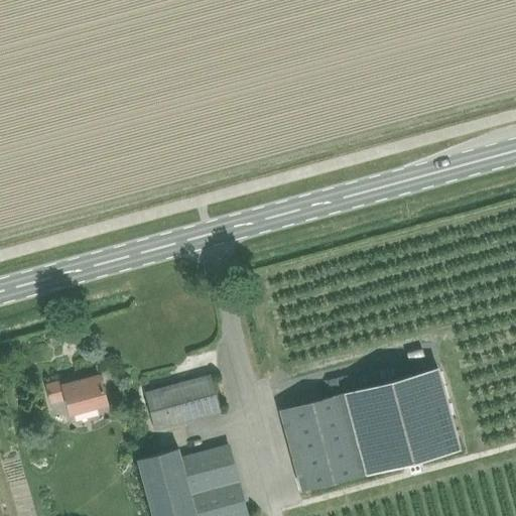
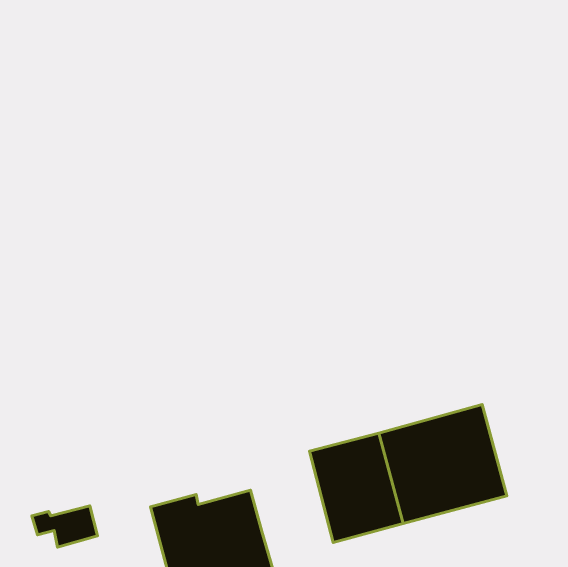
building: [47,377,107,414] -> [32,506,98,547]
building: [146,377,220,430] -> none

